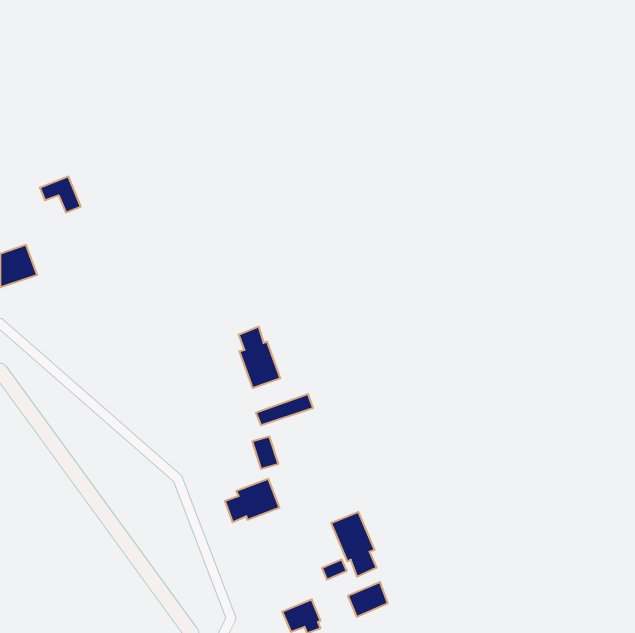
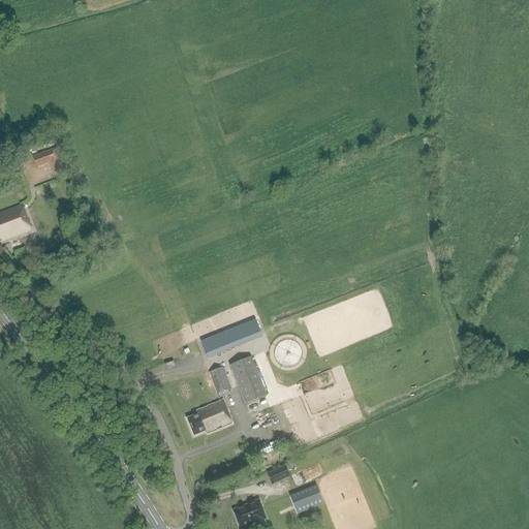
building: [239,327,280,388] -> none
building: none -> [229,355,267,403]
building: [331,512,376,577] -> none

